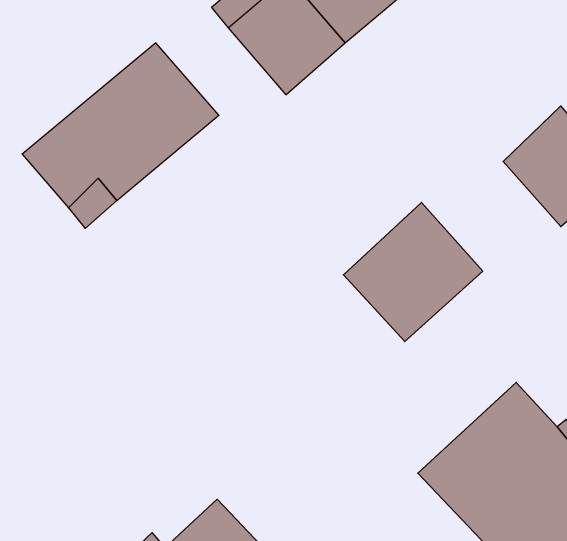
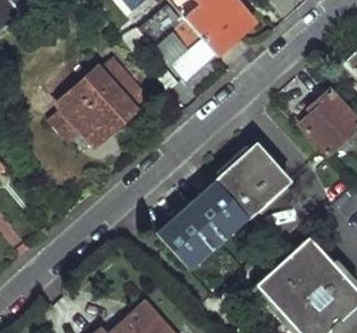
building: none -> [158,180,247,267]

